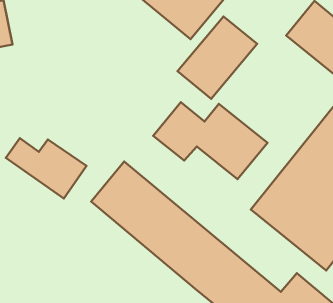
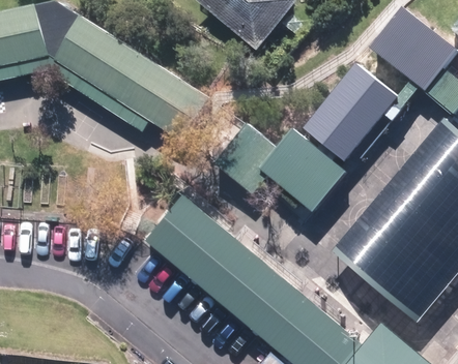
building: none -> [56,14,210,143]
building: [177,16,257,99] -> [304,64,397,160]
building: [6,138,86,199] -> none

